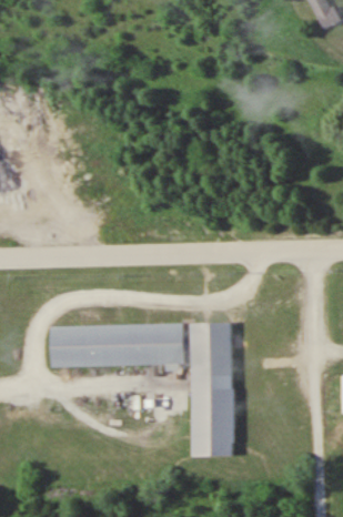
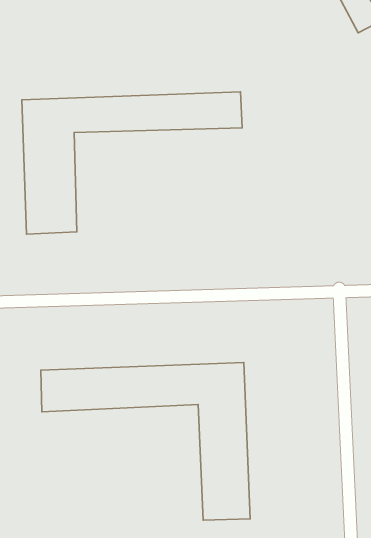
building: none -> [22,92,242,234]

